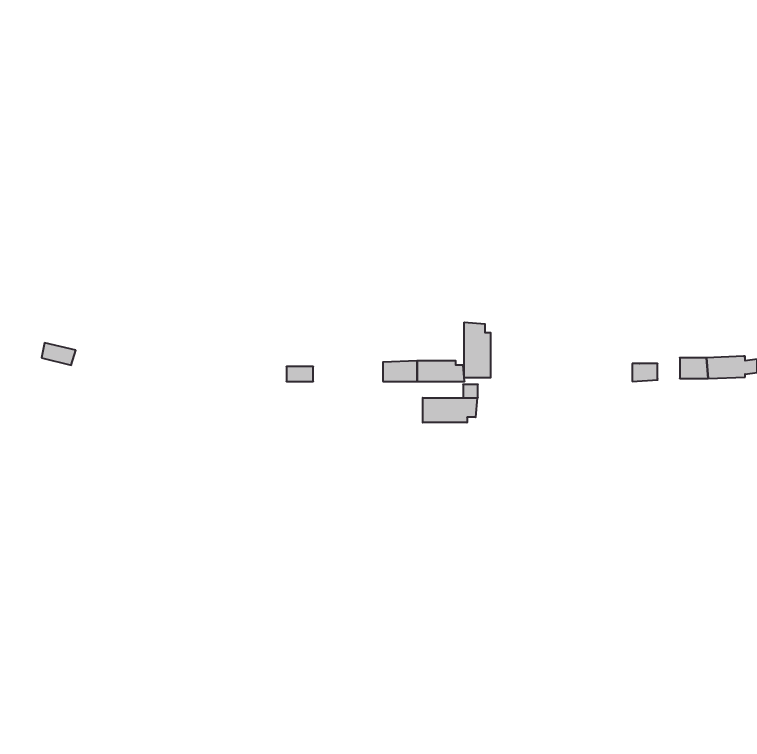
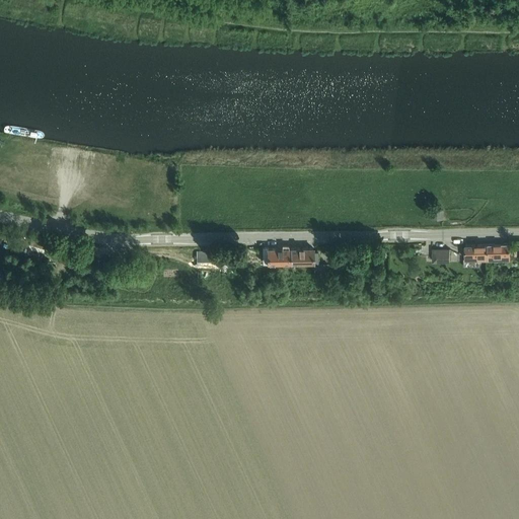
building: [464,322,491,378] -> none
building: [423,398,477,423] -> none

